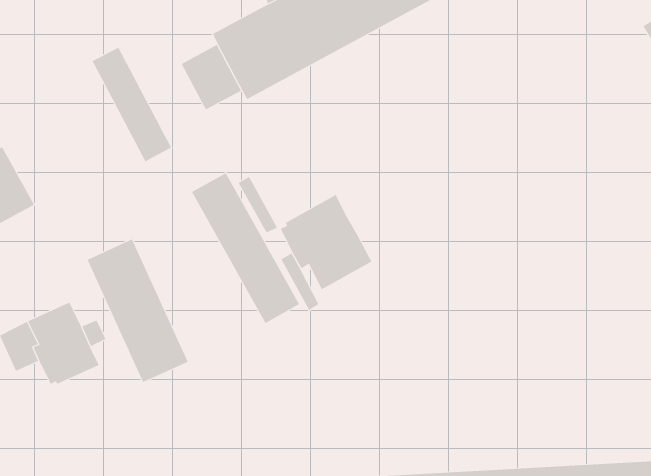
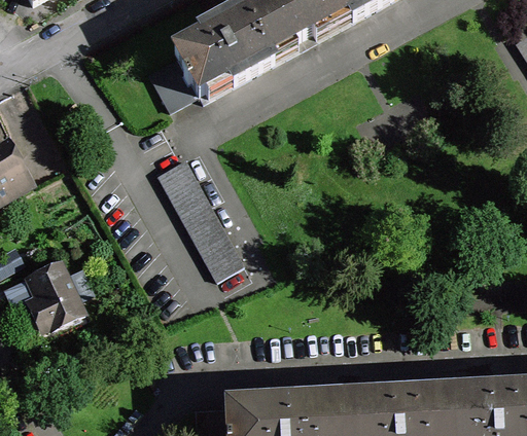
building: [92,47,172,162] -> none
building: [280,194,372,290] -> none
building: [87,239,188,383] -> none

